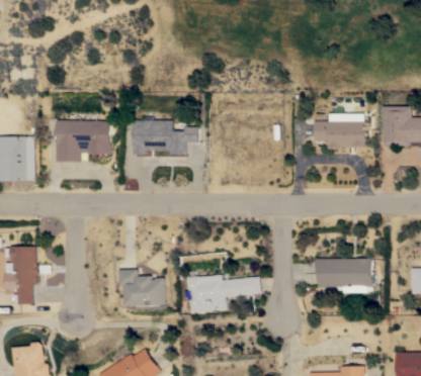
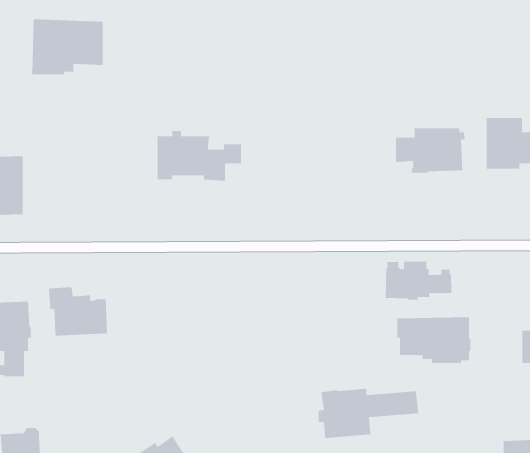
building: [56,119,110,162] -> [31,19,103,75]
building: none -> [385,261,452,300]
building: [119,269,165,306] -> [48,287,108,336]
building: [185,274,262,312] -> [318,388,419,439]

